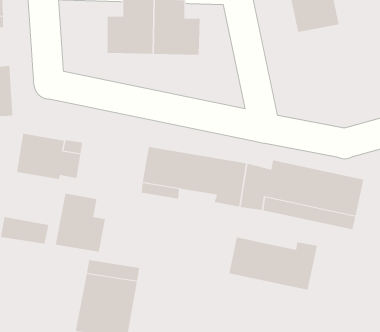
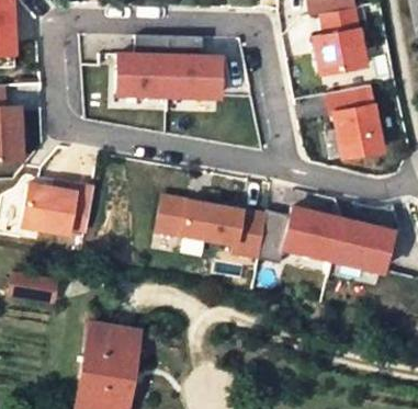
building: none -> [331,84,383,156]
building: [55,193,105,253] -> none
building: [229,237,318,291] -> none

